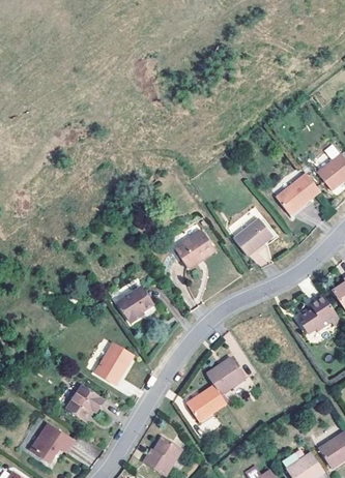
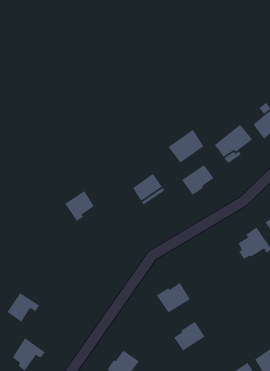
building: none -> [167,129,205,164]
building: [117,286,153,323] -> [64,190,95,222]
building: [95,345,134,385] -> none
building: [65,385,105,421] -> [7,292,40,323]
building: [186,386,225,422] -> [173,321,206,352]

